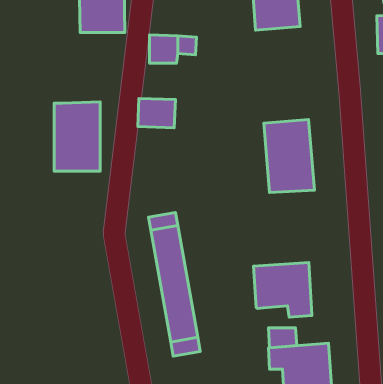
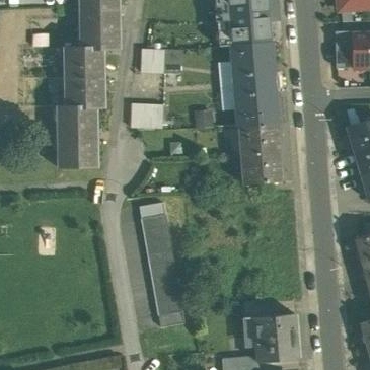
building: none -> [228,42,279,125]
building: none -> [65,47,103,107]
building: [254,263,312,317] -> none

